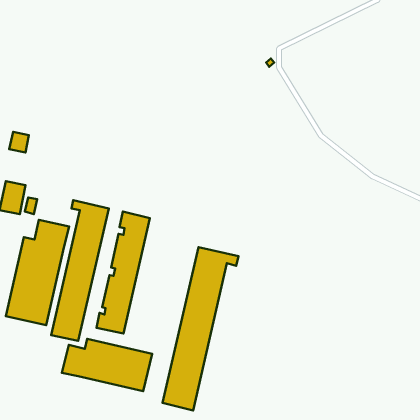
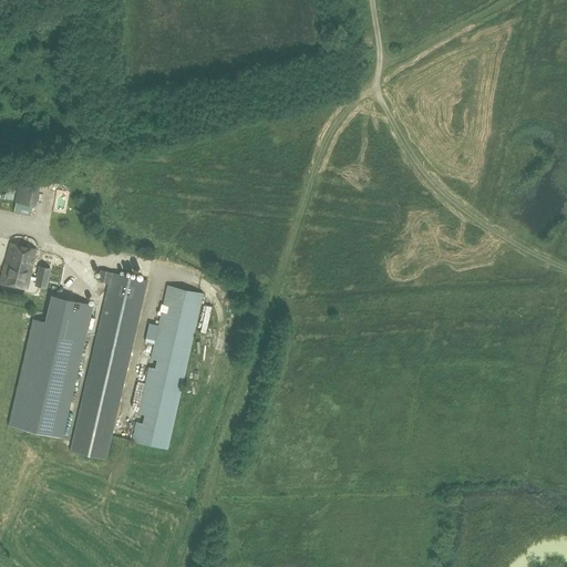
building: [163,247,238,410] -> none
building: [62,339,152,391] -> none

